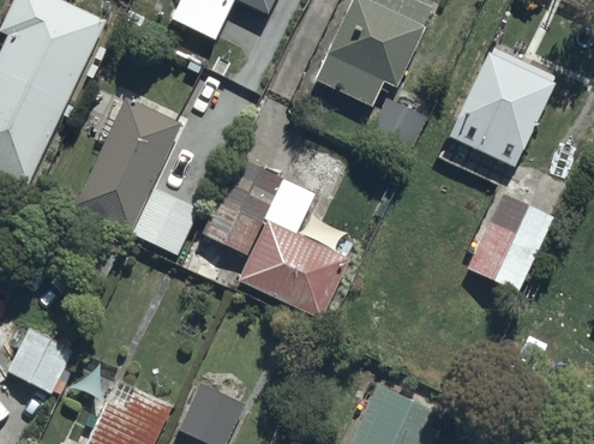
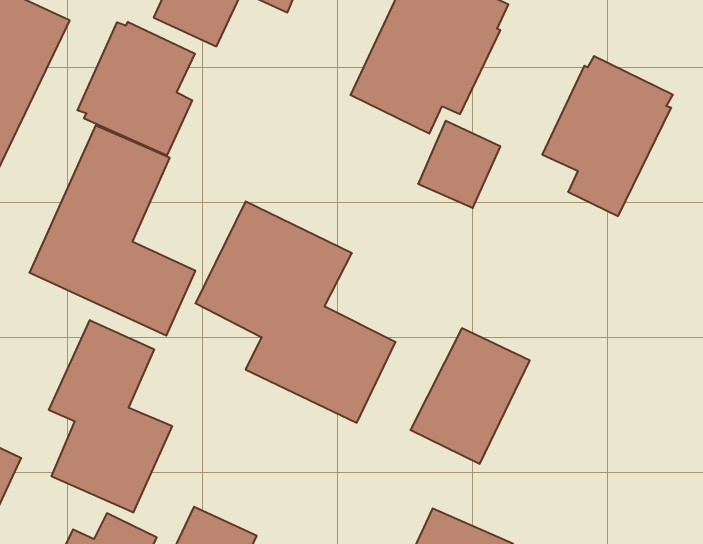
building: none -> [77,22,195,156]
building: [464,193,553,294] -> [410,328,530,464]
building: none -> [49,320,172,513]

